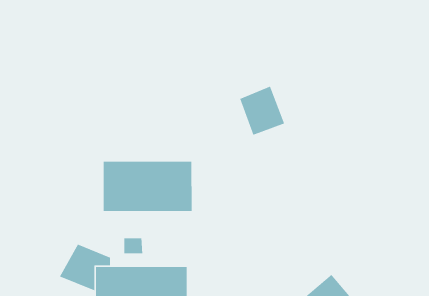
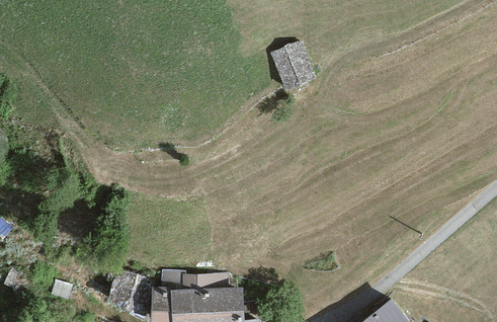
building: [239,86,285,136] -> [272,41,320,92]
building: [103,161,192,212] -> none

